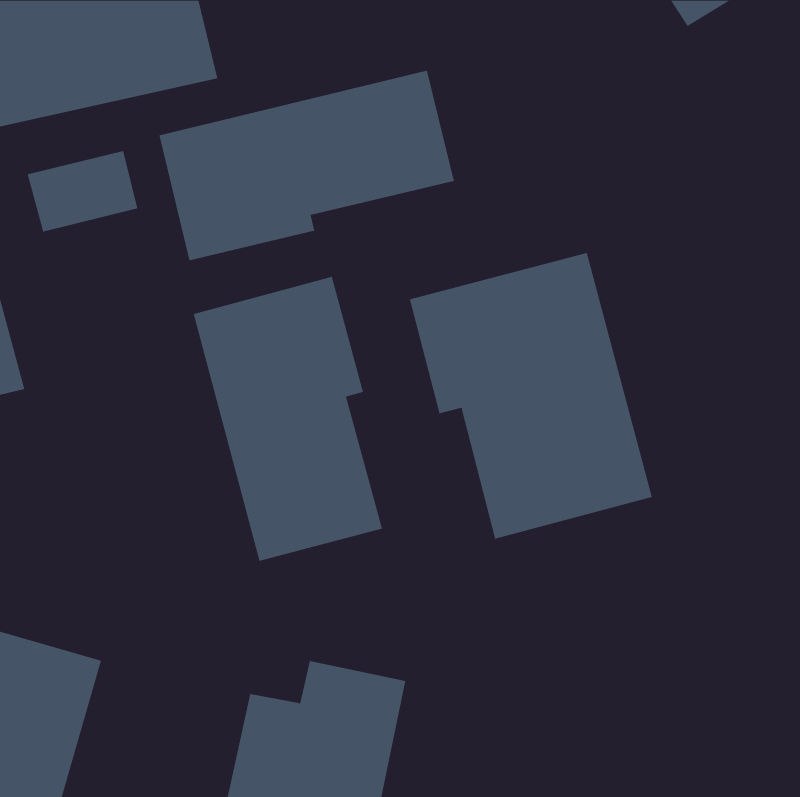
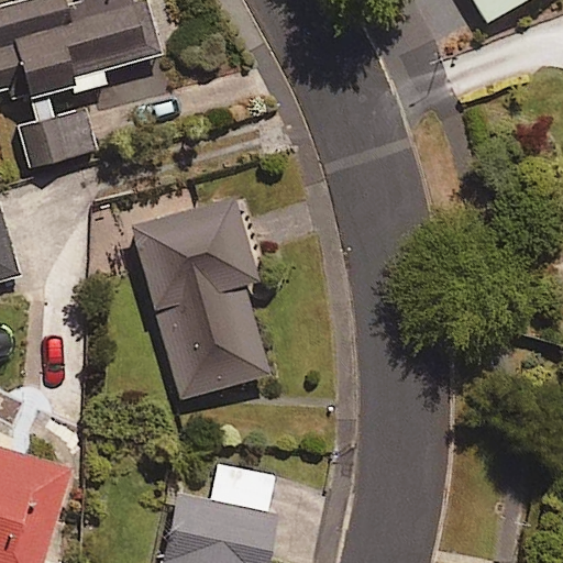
building: [159,70,454,261] -> none
building: [409,252,652,540] -> none

